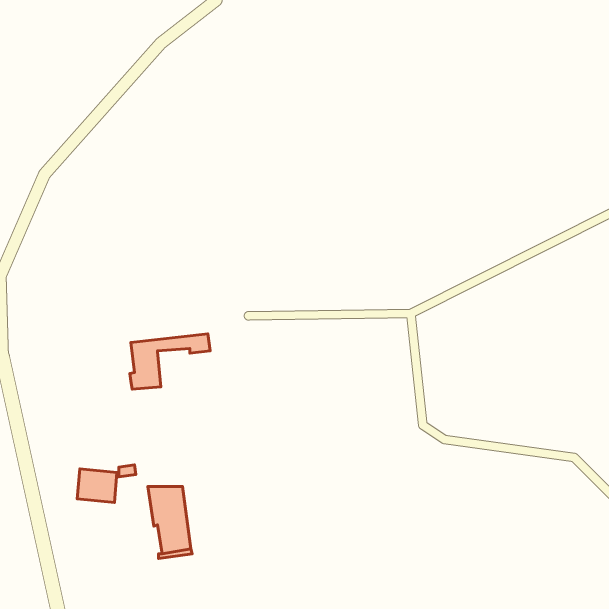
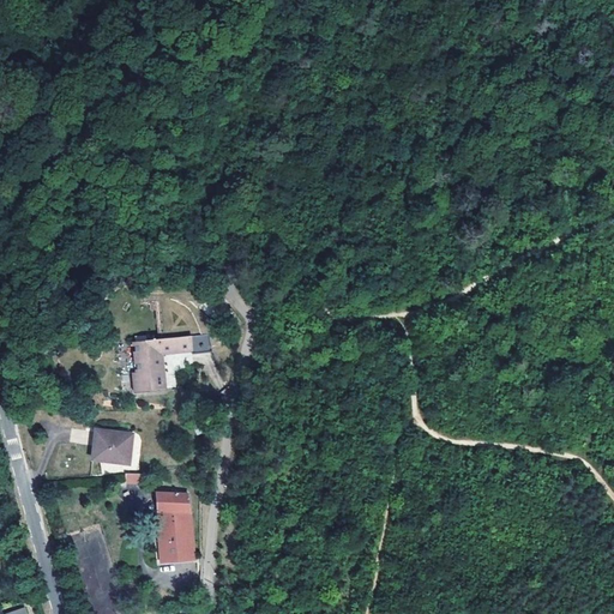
building: [77,469,117,503] -> [86,428,126,462]

